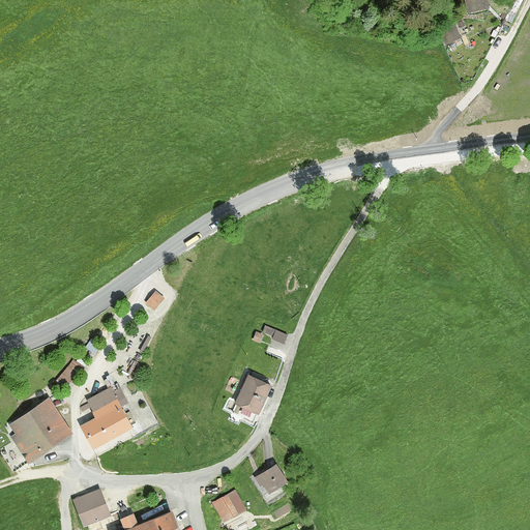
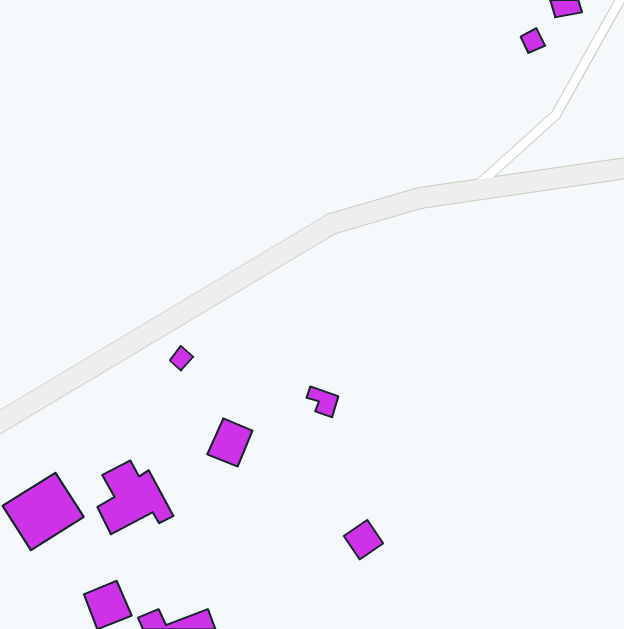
building: [232,375,270,415] -> [207,418,253,466]
building: [256,466,289,499] -> [344,520,383,559]
building: [211,490,247,525] -> none

